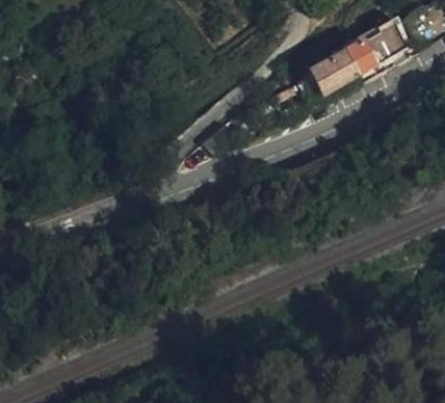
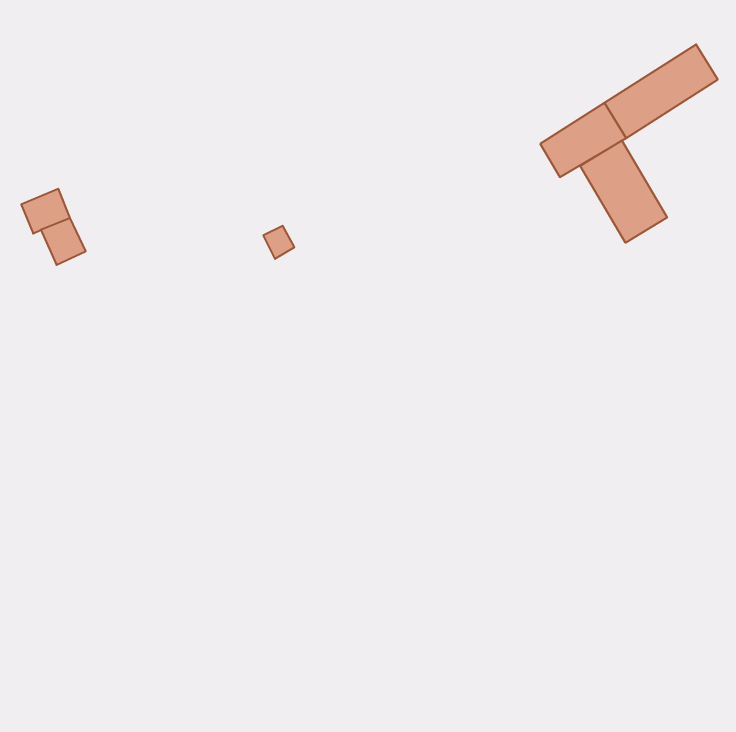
building: none -> [580,140,667,243]

